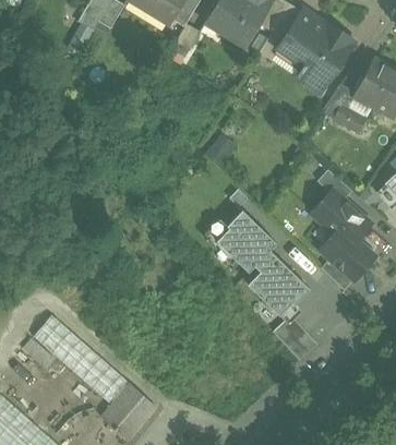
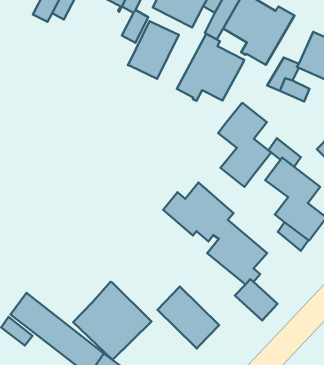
building: none -> [128,21,179,79]
building: none -> [177,34,244,101]
building: none -> [218,103,271,187]
building: none -> [73,282,151,360]
building: none -> [158,286,219,349]

